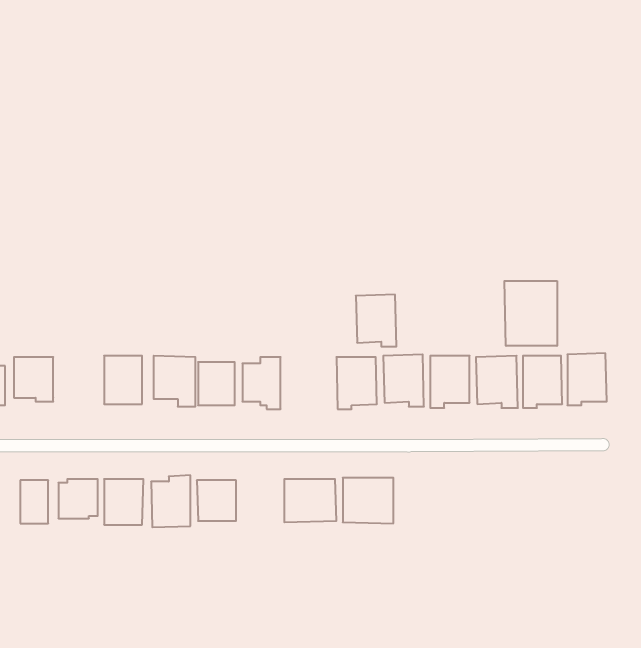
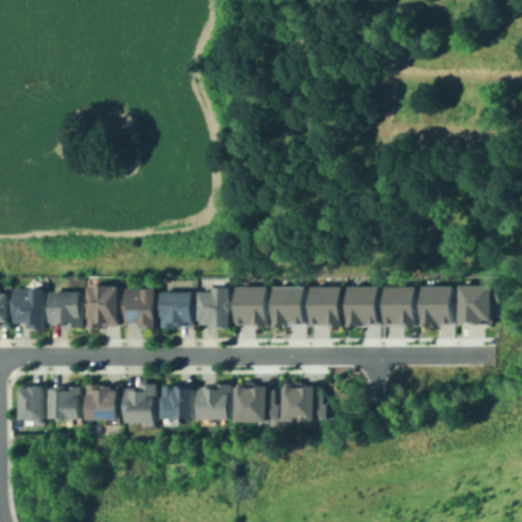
building: [504,281,557,346] -> none
building: [356,295,396,347] -> [232,286,265,328]
building: none -> [46,292,77,329]
building: none -> [195,387,224,420]

